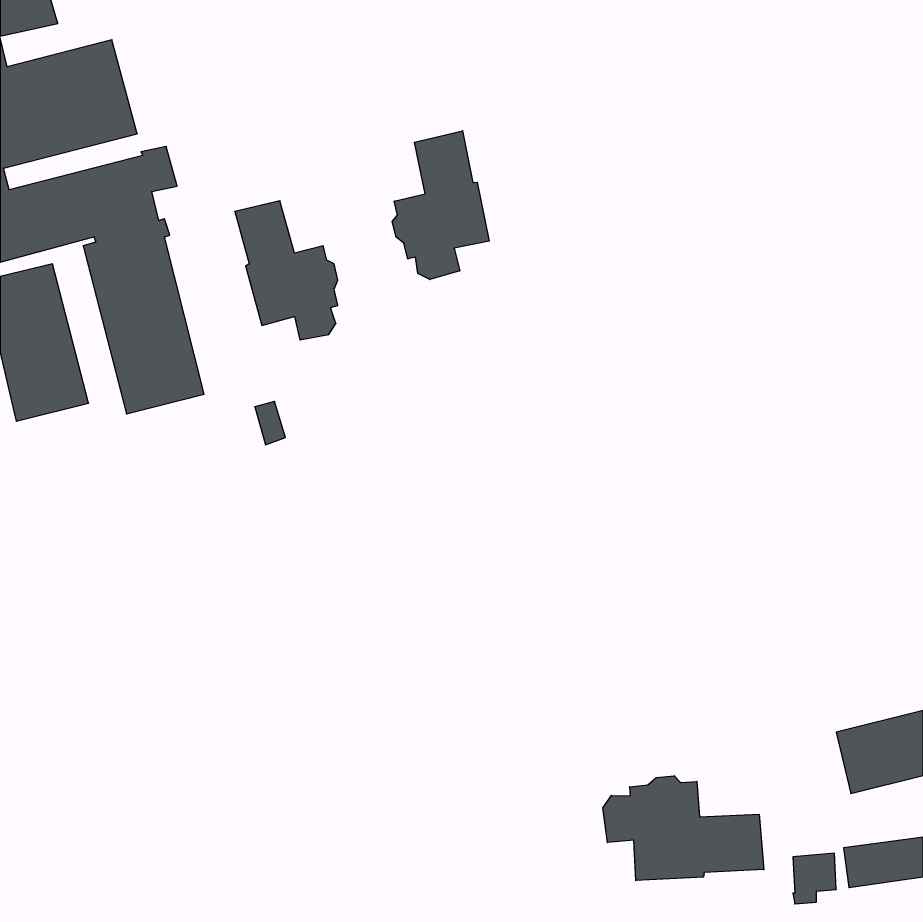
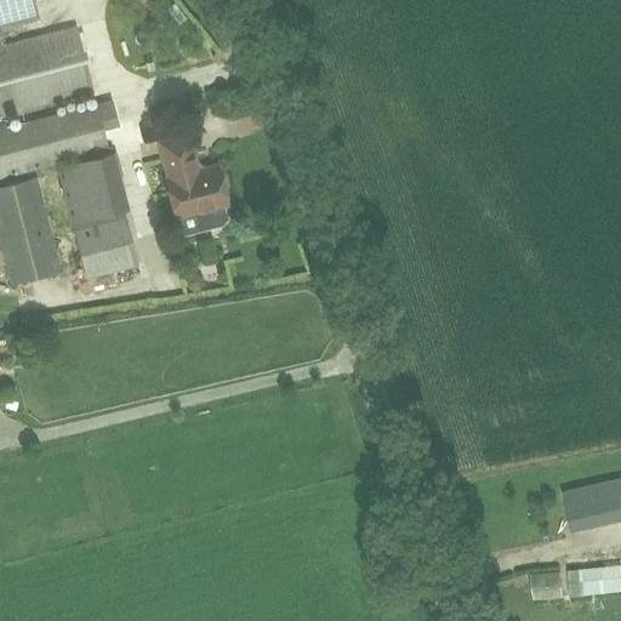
building: [392,131,489,280] -> none
building: [603,776,764,881] -> none

